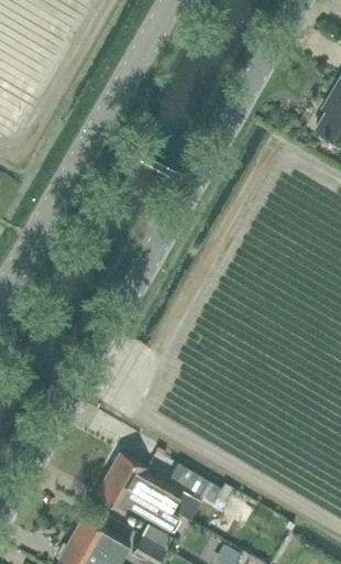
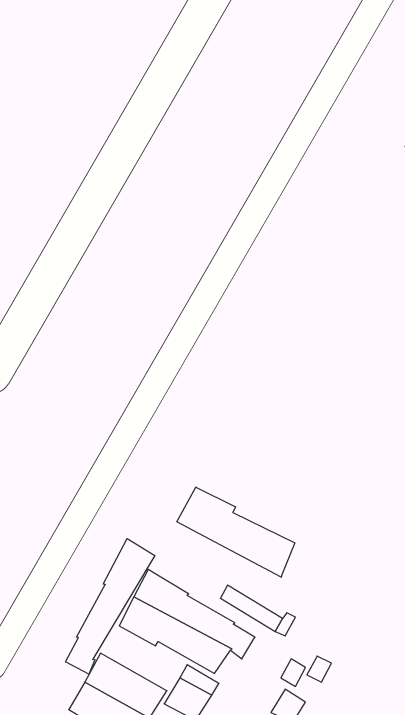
building: none -> [177,487,295,577]
building: none -> [66,539,155,674]

